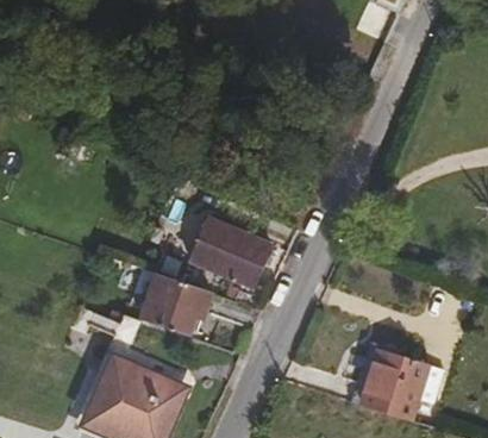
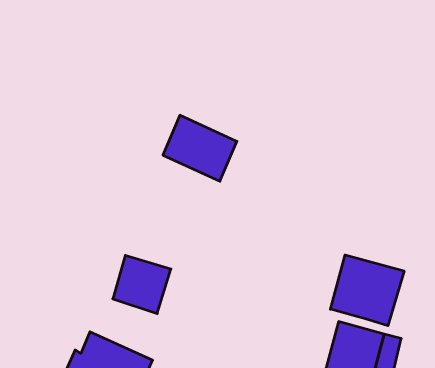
building: [186,213,263,282] -> [163,115,237,181]
building: none -> [330,255,404,326]

